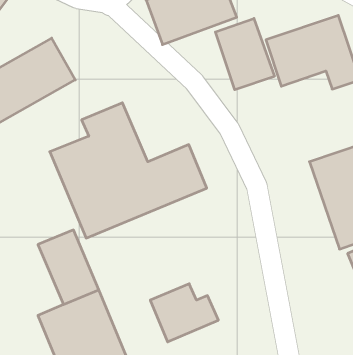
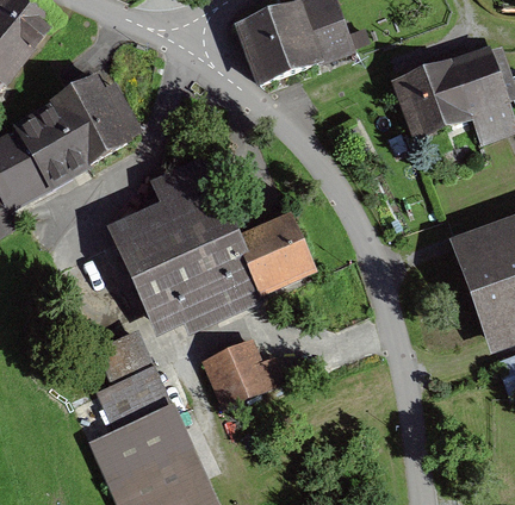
building: [215,18,274,90] -> none
building: [150,284,218,342] -> [200,337,290,413]

